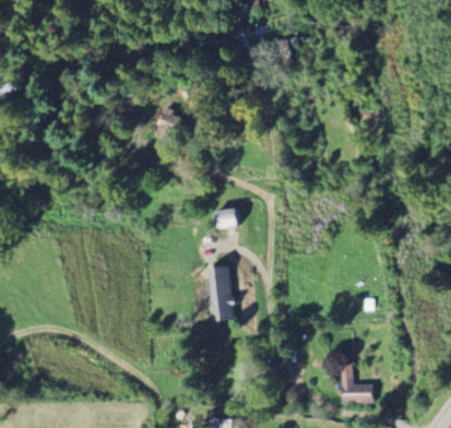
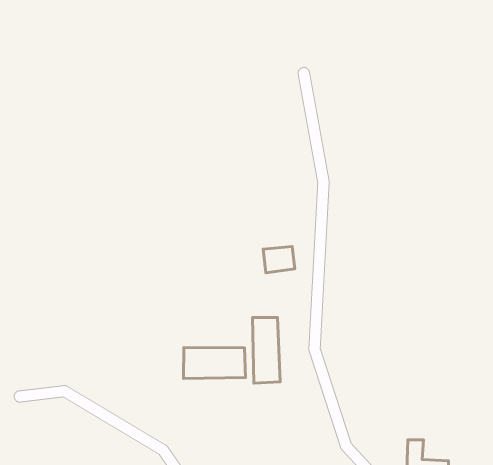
building: none -> [184,348,245,379]

